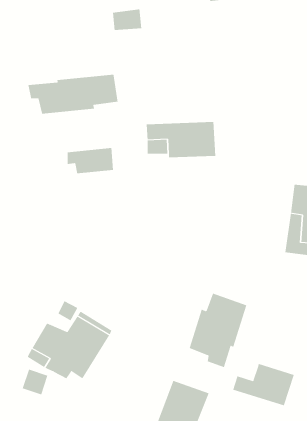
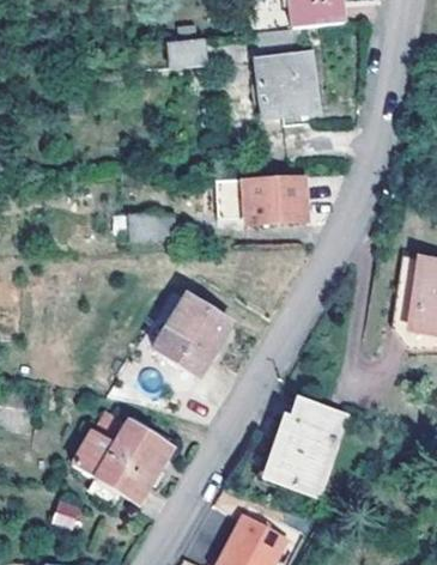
building: none -> [260,49,320,114]
building: [28,74,118,115] -> none
building: none -> [151,304,227,381]
building: [233,363,294,406] -> none

